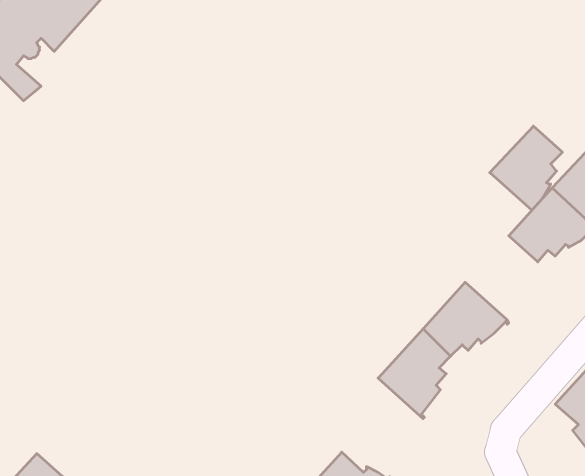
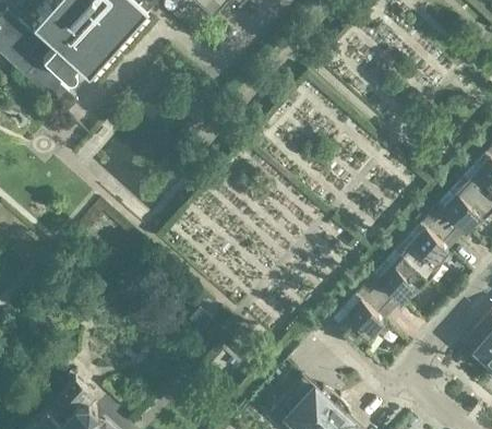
building: [490,126,562,210] -> [397,216,452,279]

